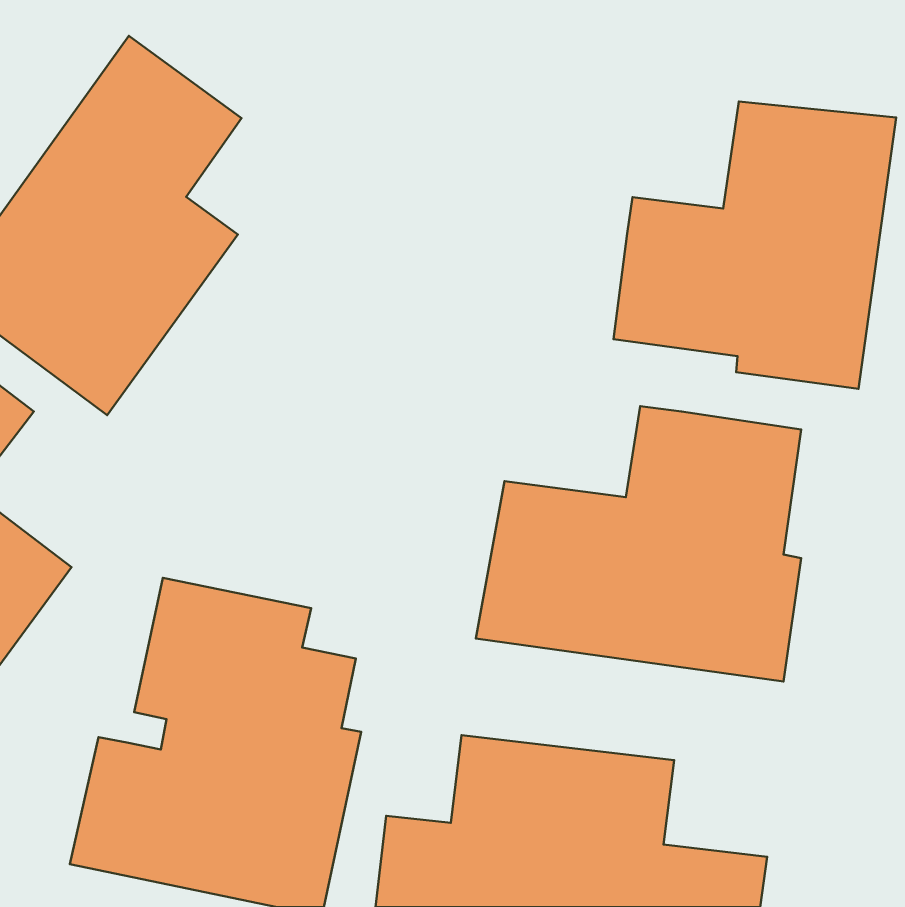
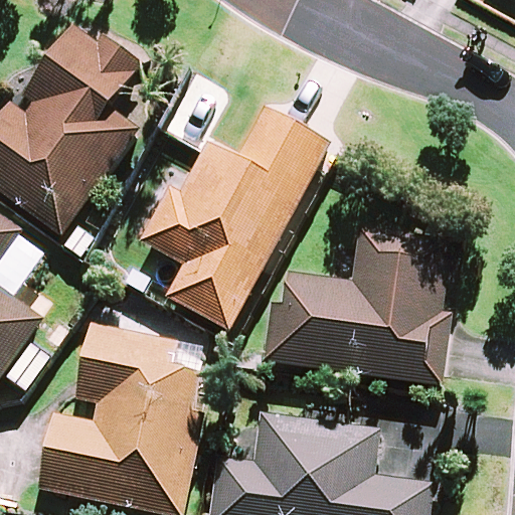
building: [614,101,896,389] -> none
building: none -> [138,107,329,328]

